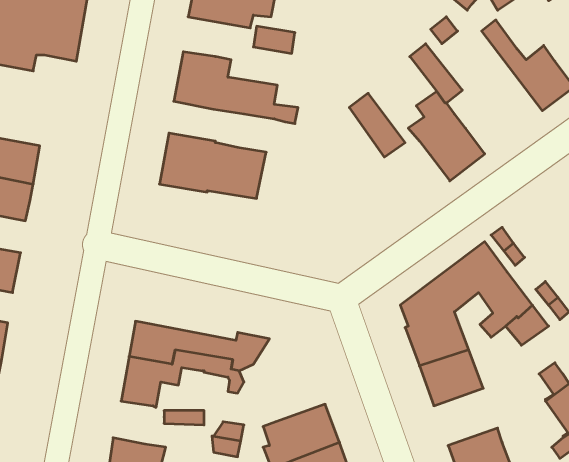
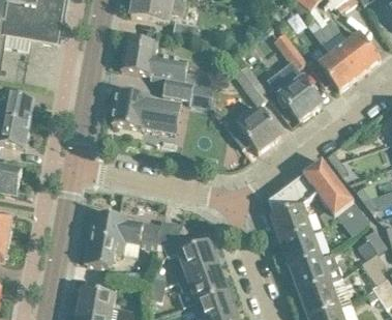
building: none -> [307,17,360,90]
building: none -> [162,77,193,104]
building: none -> [224,108,281,152]
building: none -> [163,234,219,277]
building: none -> [290,251,343,292]

